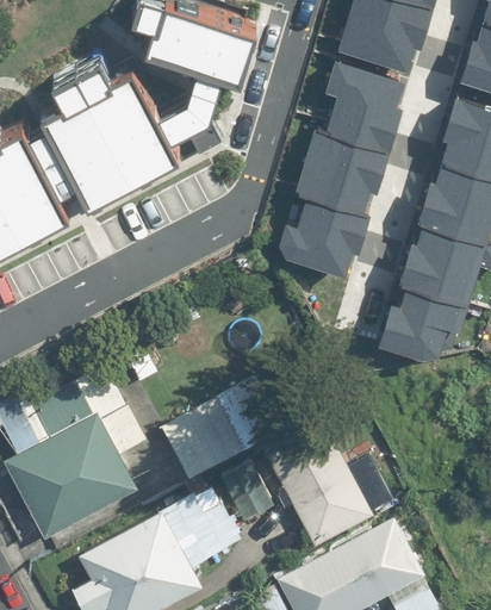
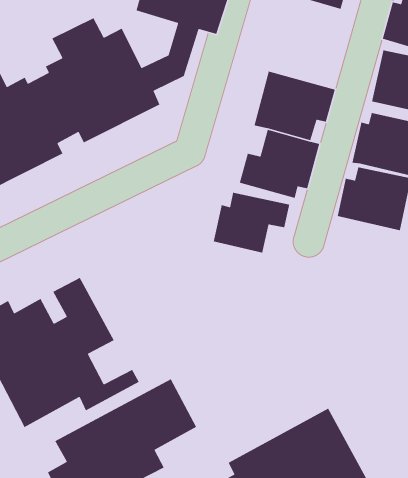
building: [334,69,415,151] -> none
building: [377,301,465,372] -> [213,192,290,253]
building: [156,391,254,479] -> none
building: [256,413,372,544] -> none

